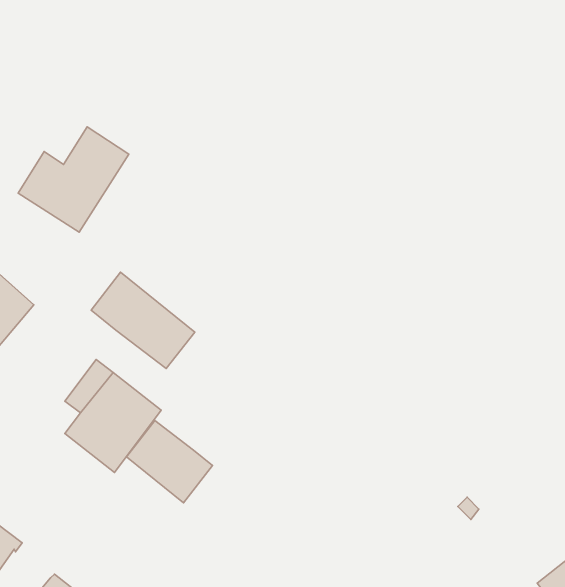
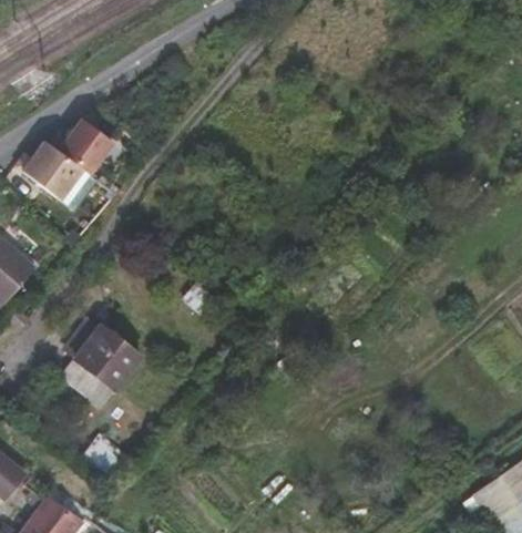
building: [91,272,195,369] -> none
building: [126,420,213,503] -> none

